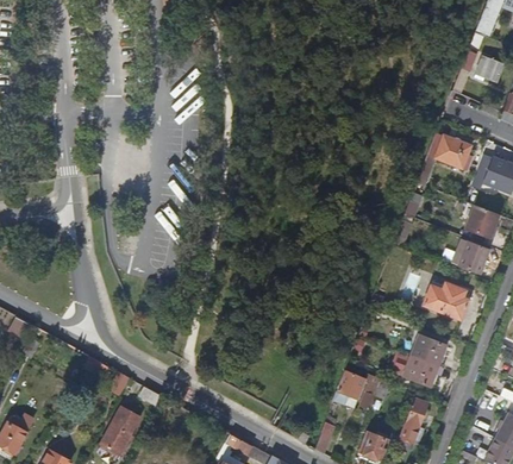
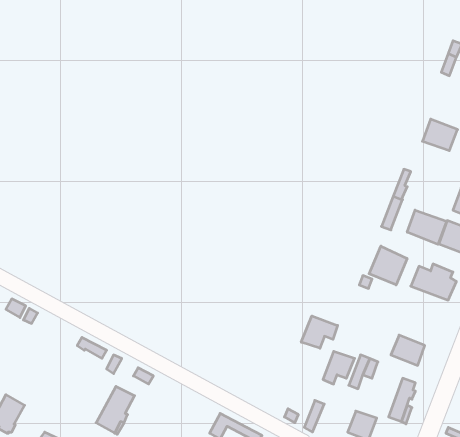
building: none -> [407,210,447,244]
building: none -> [369,246,407,285]
building: [411,334,445,365] -> none
building: none -> [301,316,338,348]

